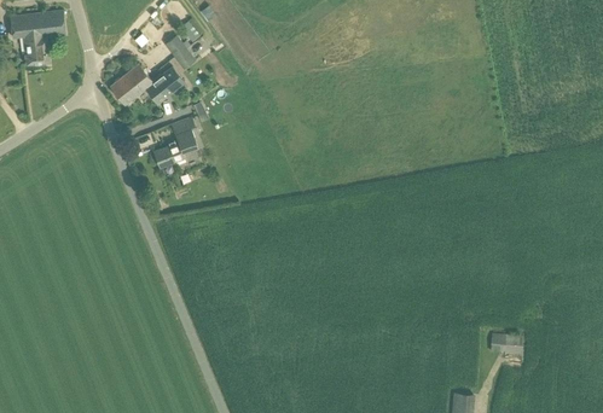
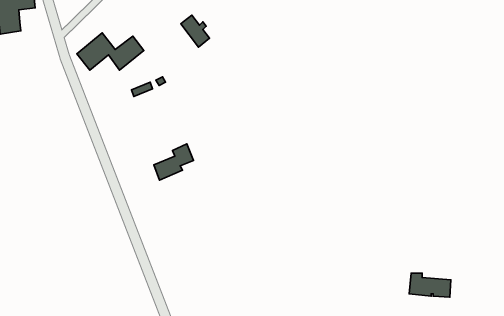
building: [163,34,195,69] -> [181,15,209,47]
building: [153,128,197,168] -> [154,144,193,180]

